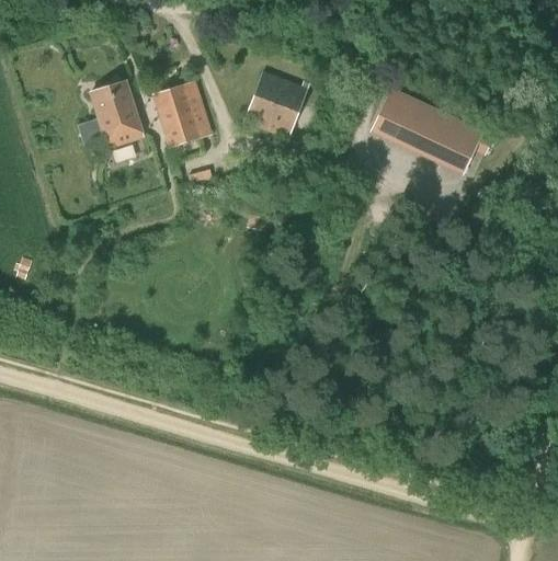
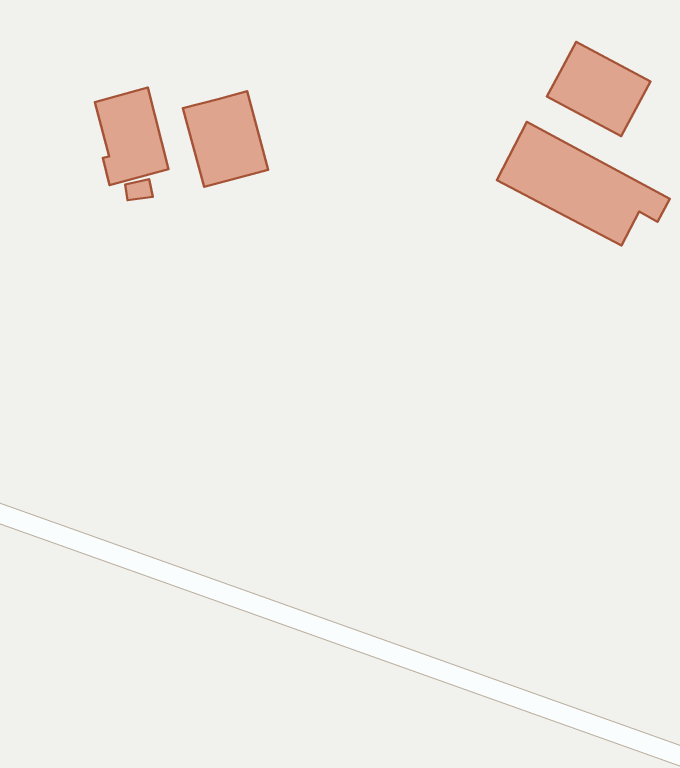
building: none -> [547,42,650,136]
building: [243,69,308,138] -> none

